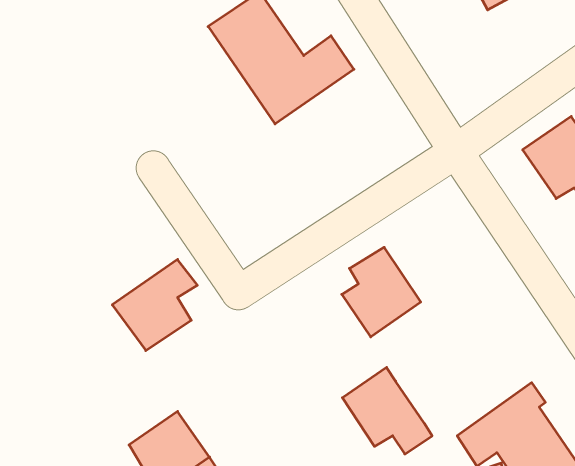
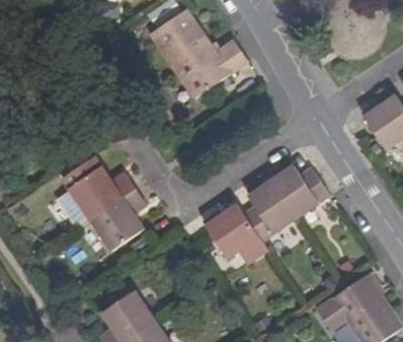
building: none -> [61,157,133,220]
building: none -> [270,166,329,218]
building: [342,367,432,454] -> [207,204,266,262]

